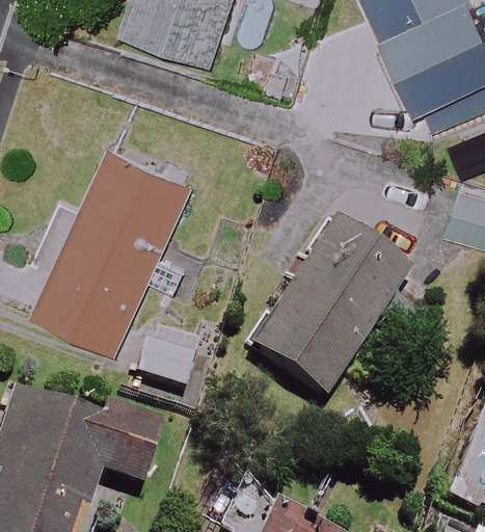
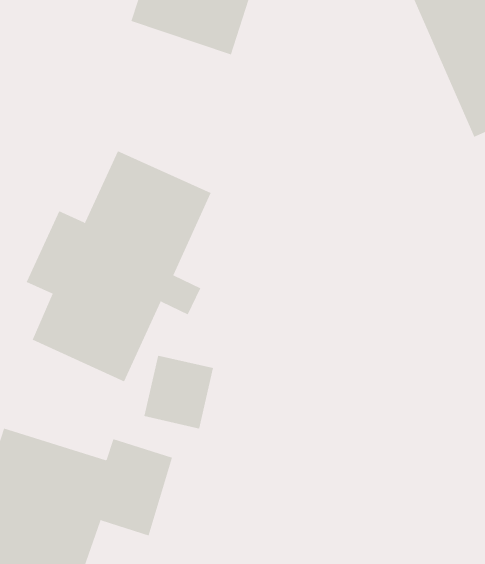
building: [246,225,403,402] -> none

